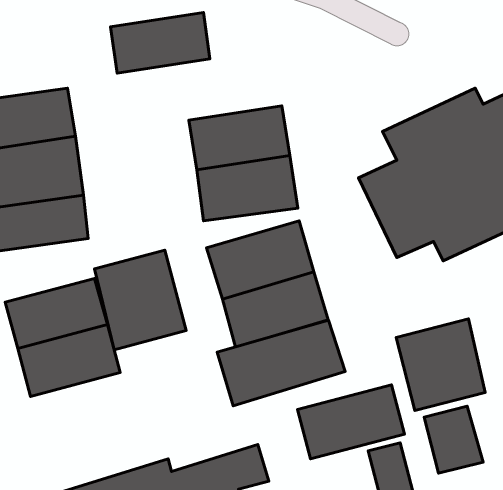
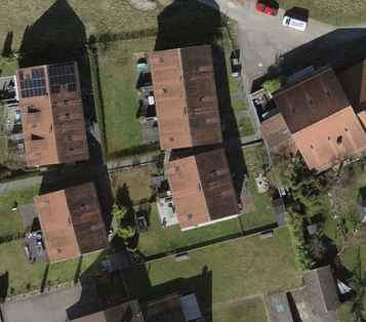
building: [111,13,210,73] -> [148,43,211,82]
building: [94,250,186,350] -> none
building: [396,319,485,410] -> none
building: [217,320,345,406] -> none
building: [297,385,404,459] -> none

